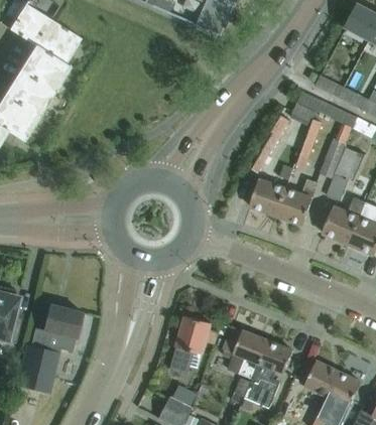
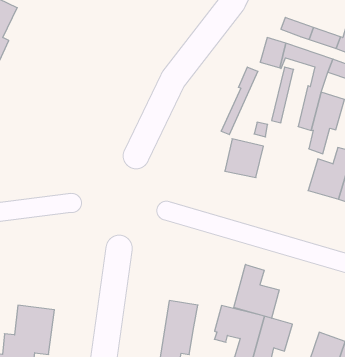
building: [276,179,318,226] -> none
building: none -> [234,264,279,318]

